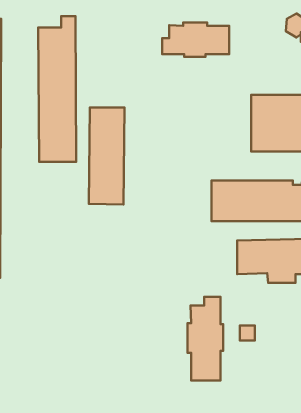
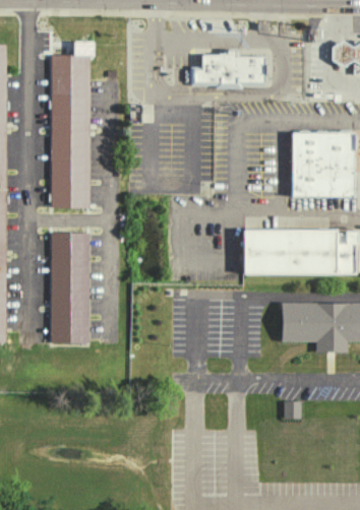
building: [89,107,124,205] -> [51,234,92,345]
building: [188,297,223,380] -> none

